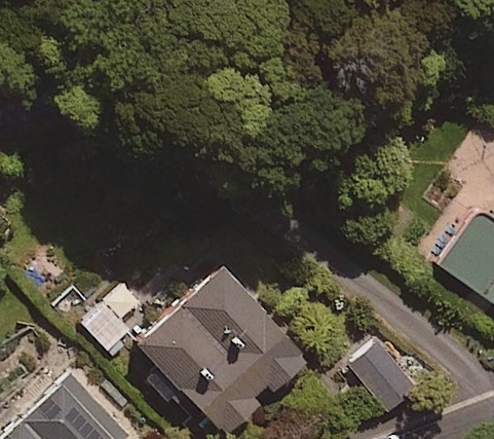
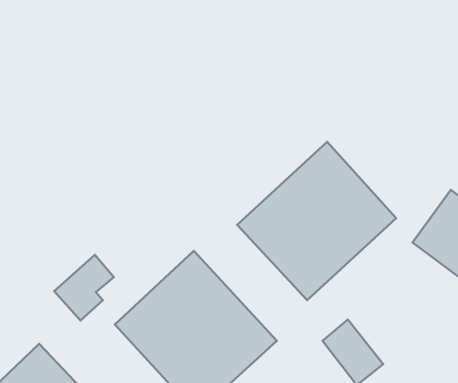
building: none -> [237,142,396,300]

